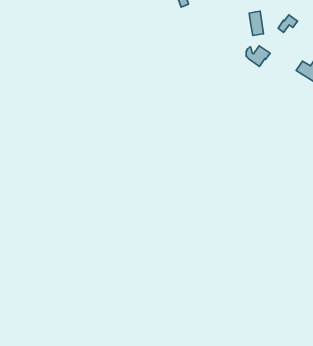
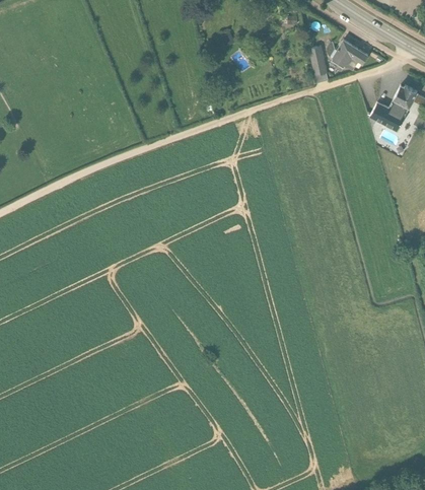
building: [246,46,270,67] -> [328,39,357,64]

